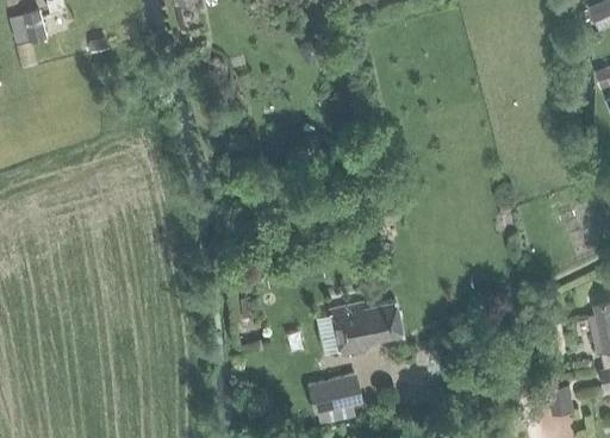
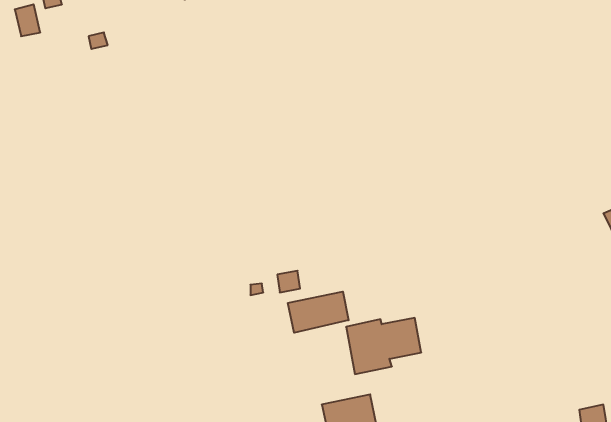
building: none -> [288,292,349,333]

